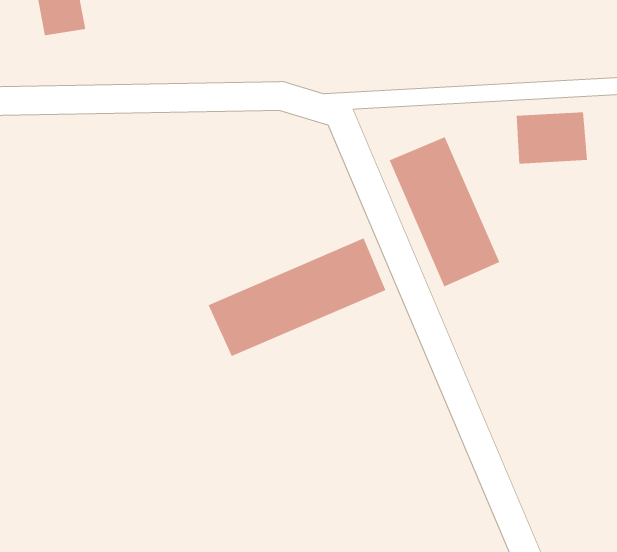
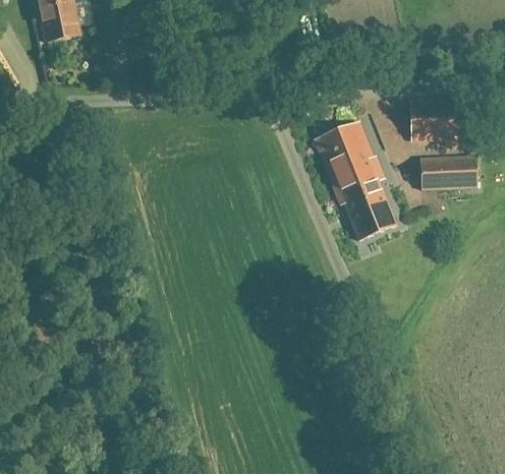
building: none -> [427,160,480,189]
building: [208,237,386,357] -> none

